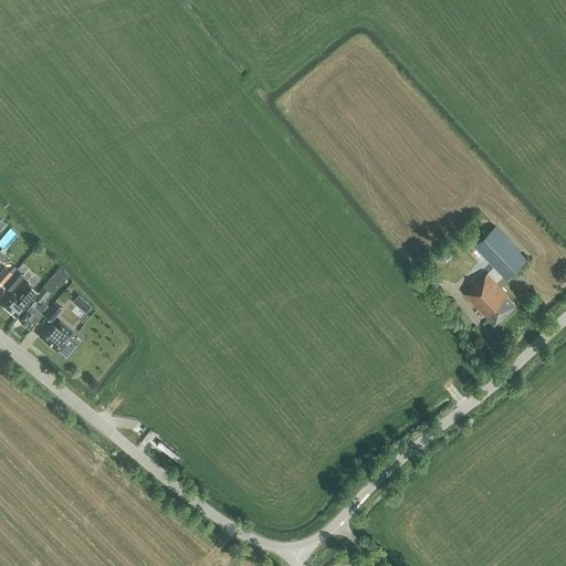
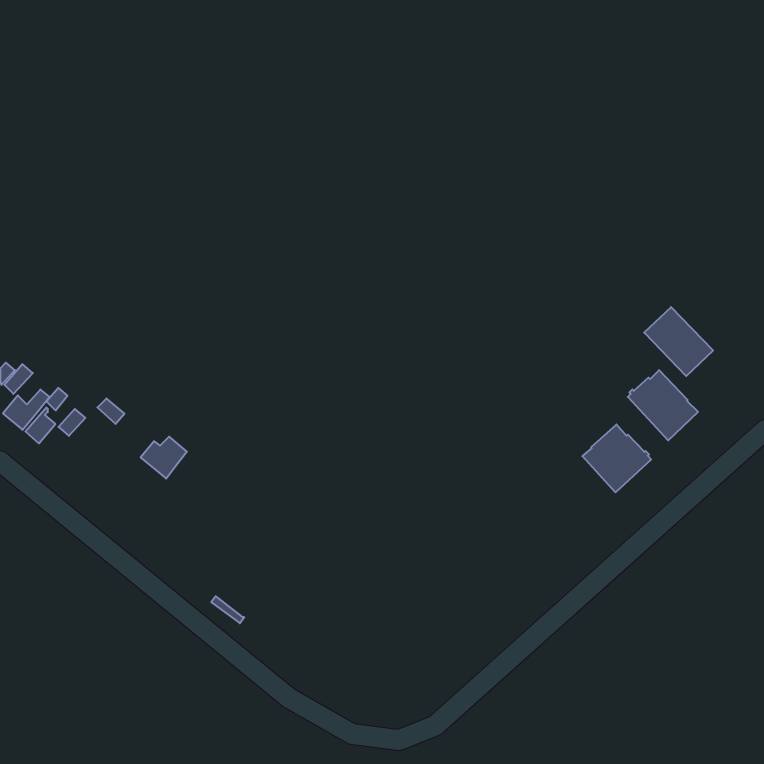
building: none -> [582,424,651,492]
building: [40,322,74,353] -> [141,437,187,479]

